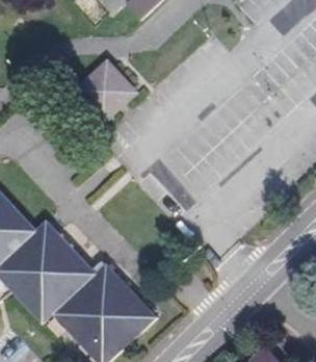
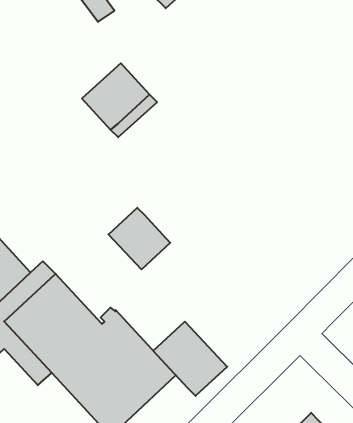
building: none -> [108,208,170,269]
building: none -> [153,322,227,396]

